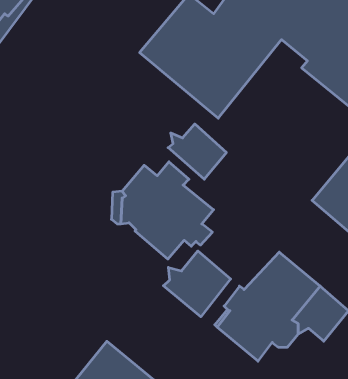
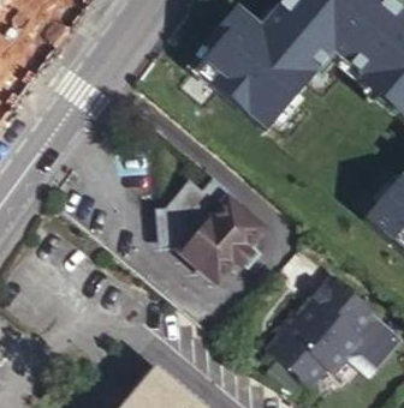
building: [168,124,226,179] -> none
building: [163,251,231,317] -> none

